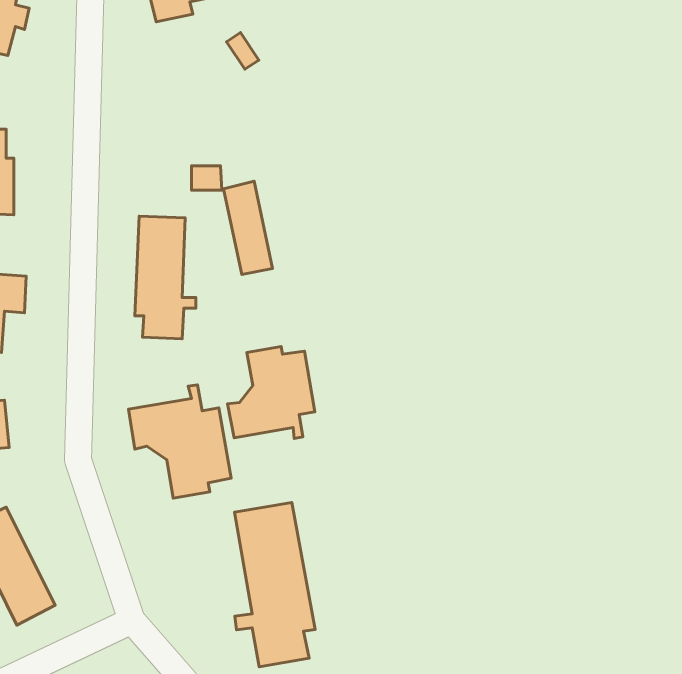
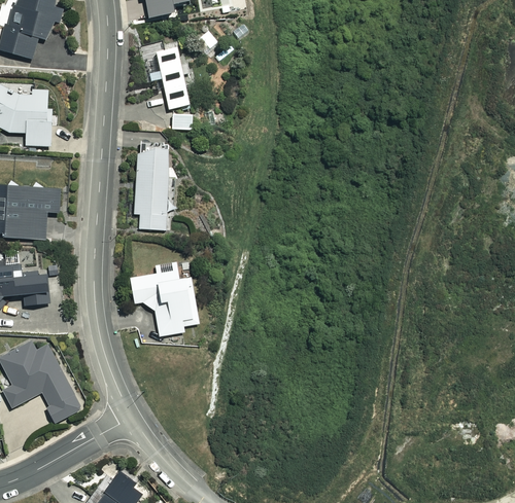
building: [224,181,273,275] -> [156,45,188,108]
building: [228,346,315,438] -> none
building: [234,503,315,667] -> none

